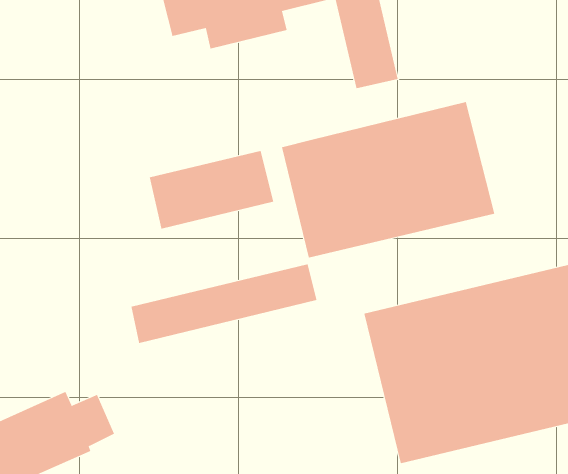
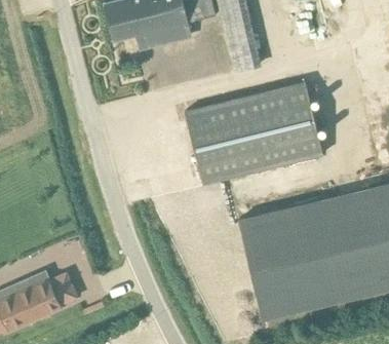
building: [149,150,274,230] -> none
building: [131,263,317,344] -> none

